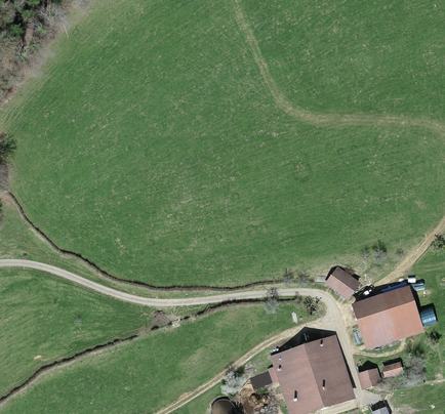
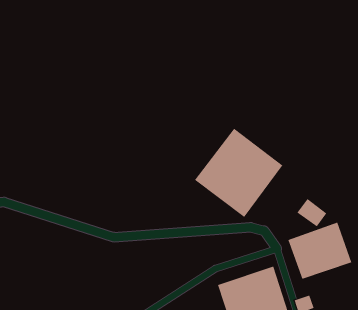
building: none -> [194,128,283,218]
building: [325,266,360,299] -> [296,198,327,227]

